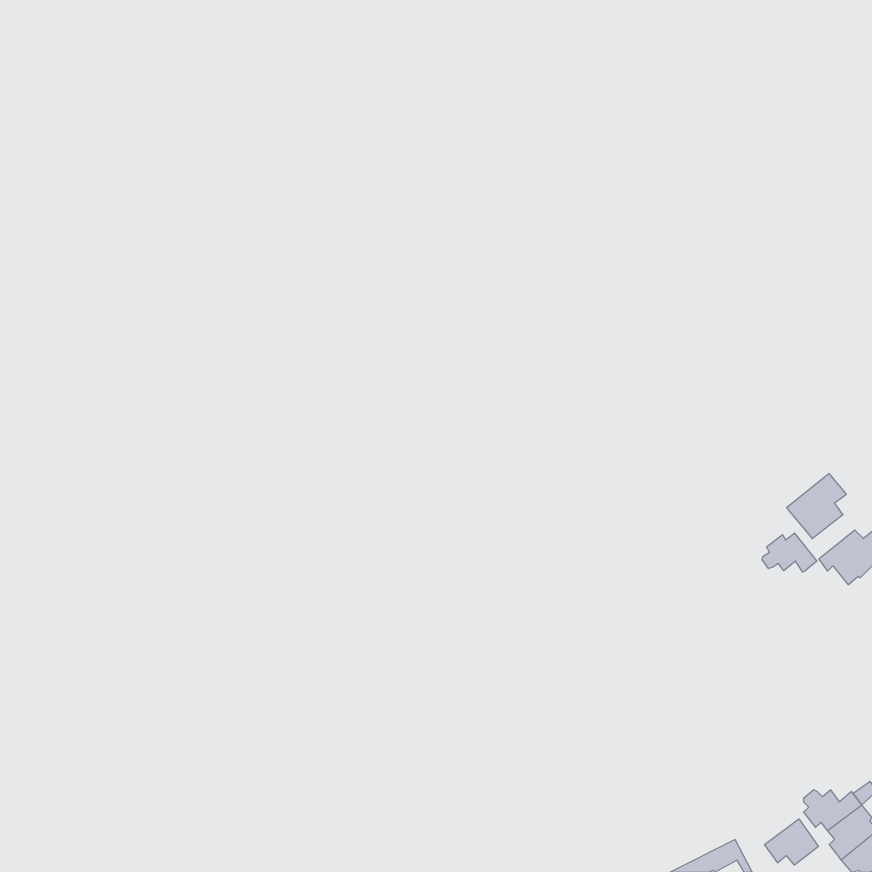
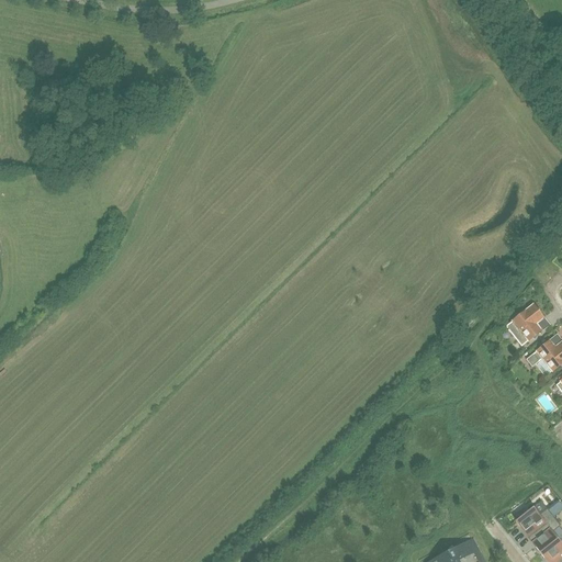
building: [762,533,817,572] -> none
building: [764,819,819,865] -> none

